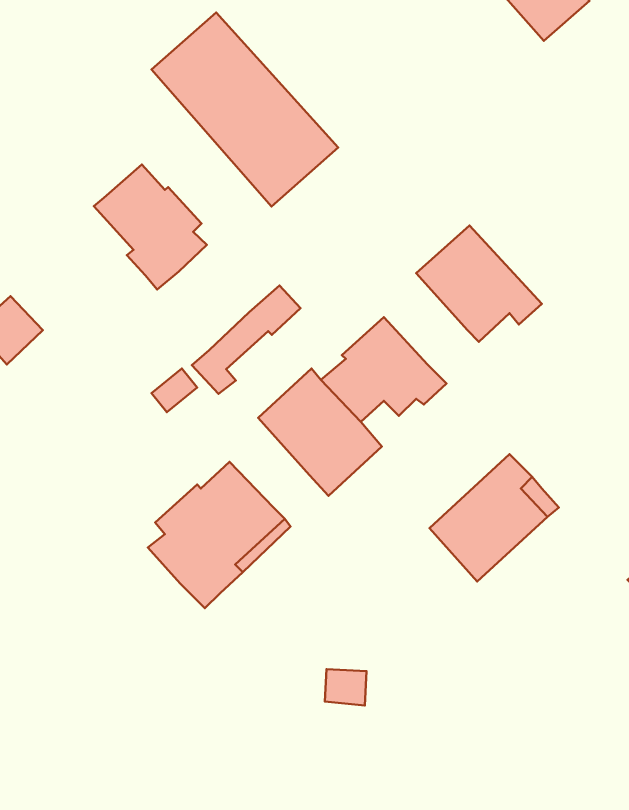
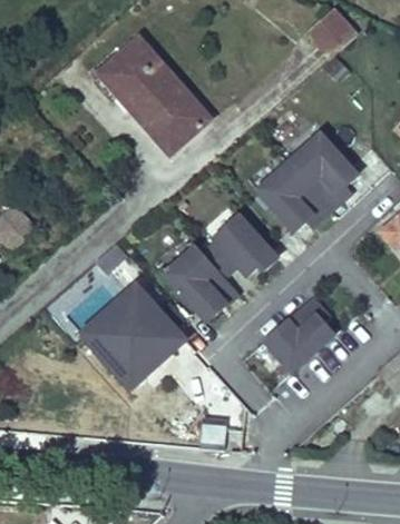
building: [94,165,207,290] -> none
building: none -> [287,135,355,209]
building: [192,285,300,394] -> [84,288,147,352]

